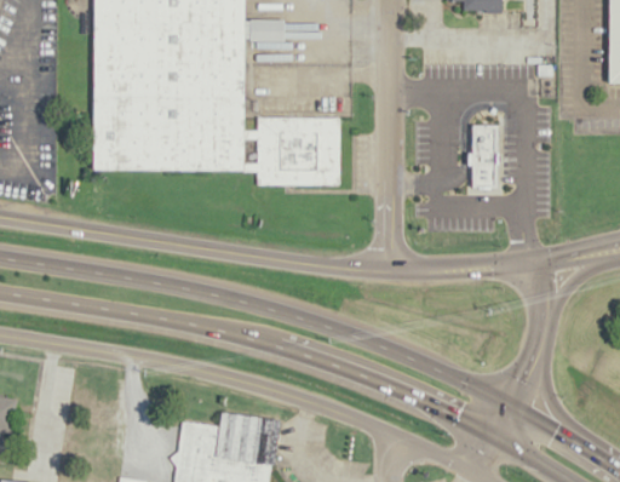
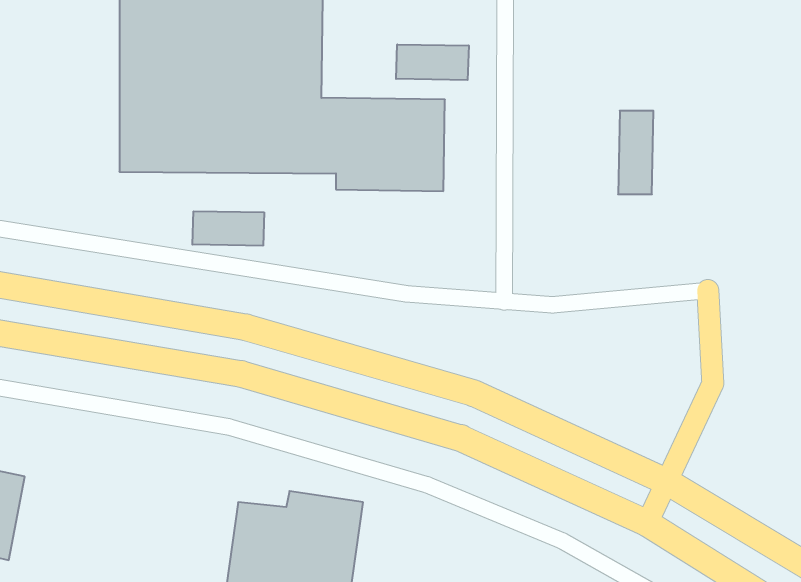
building: none -> [396,44,469,80]
building: none -> [192,211,264,246]

